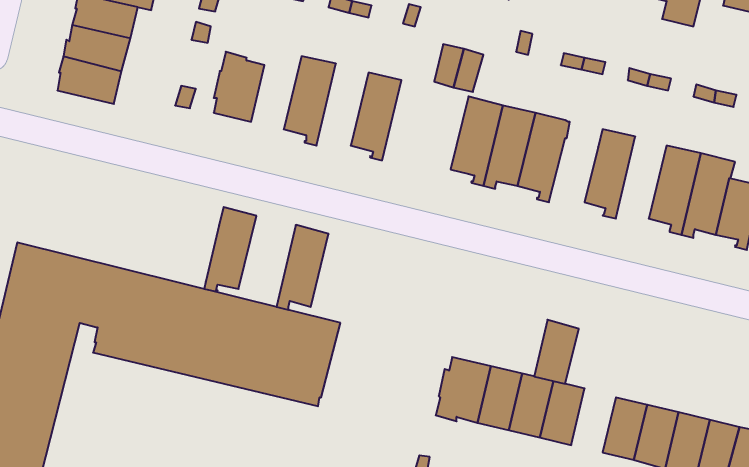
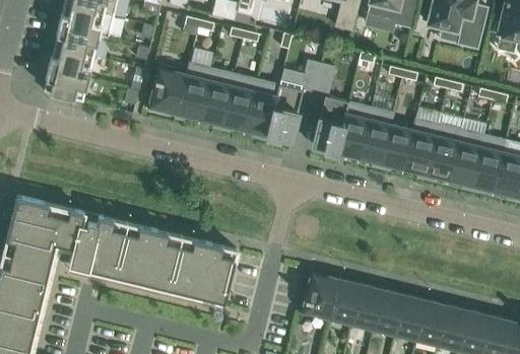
building: none -> [265,84,303,141]
building: none -> [425,123,459,181]
building: none -> [379,124,412,169]
building: [204,207,256,292] -> [175,62,210,120]
building: [276,225,329,310] -> [220,73,256,131]
building: [534,320,579,384] -> [394,294,425,338]

